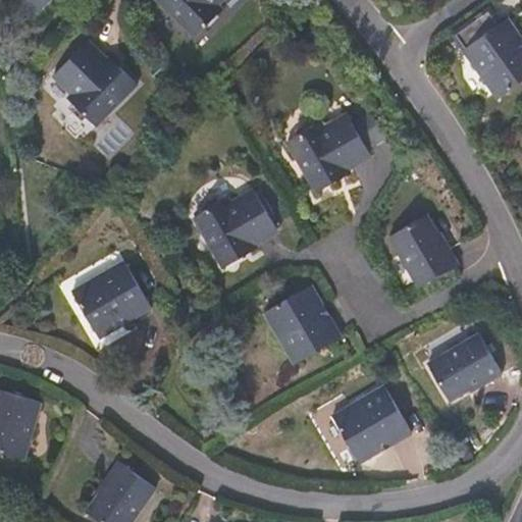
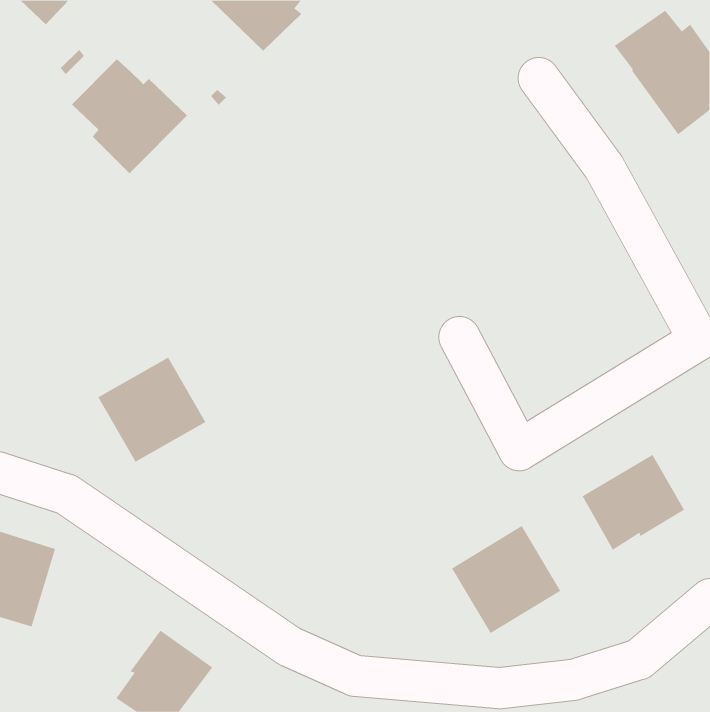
building: [284,112,384,192] -> none
building: [193,188,278,268] -> none
building: [387,213,459,289] -> none
building: [262,283,342,365] -> none

